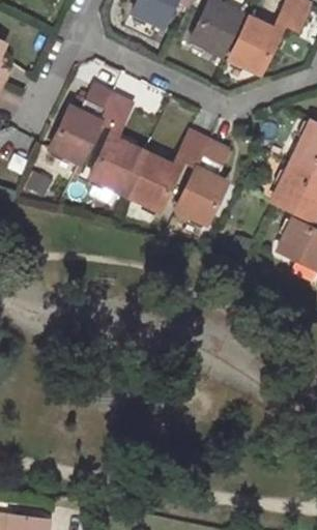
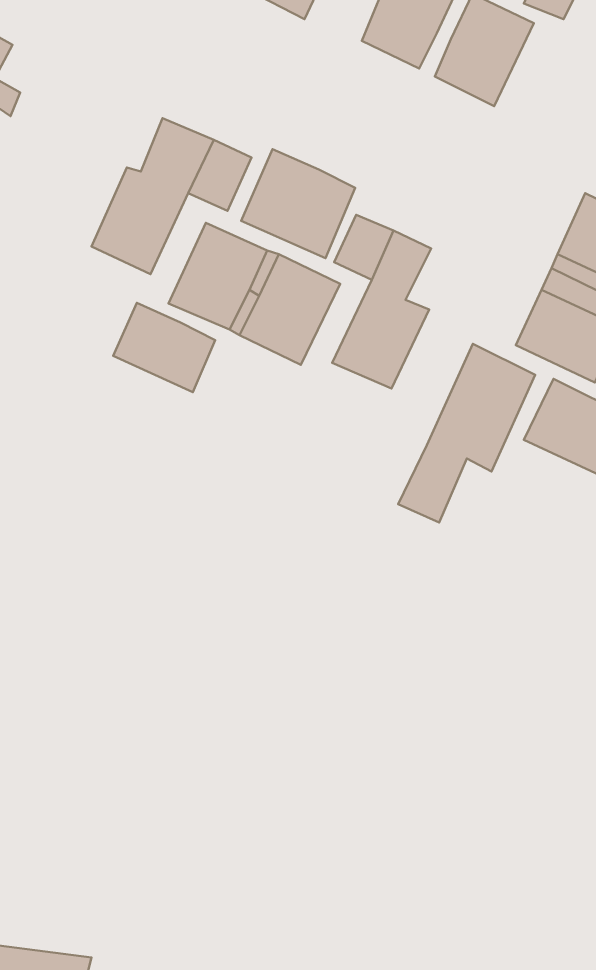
building: none -> [241,149,355,258]
building: none -> [113,303,215,392]
building: none -> [398,344,535,523]

